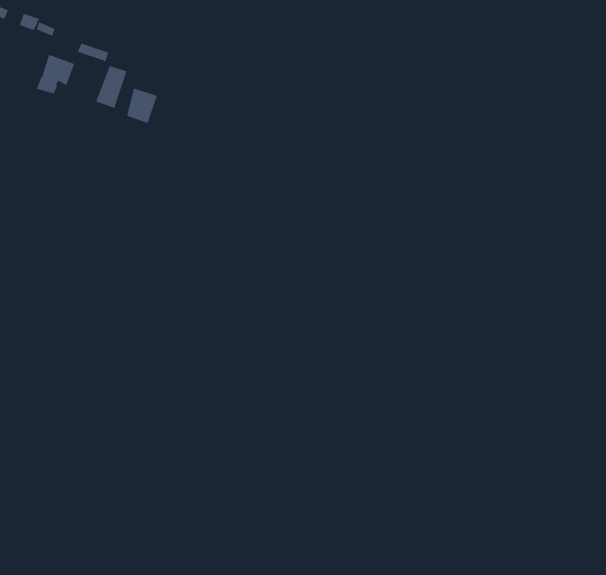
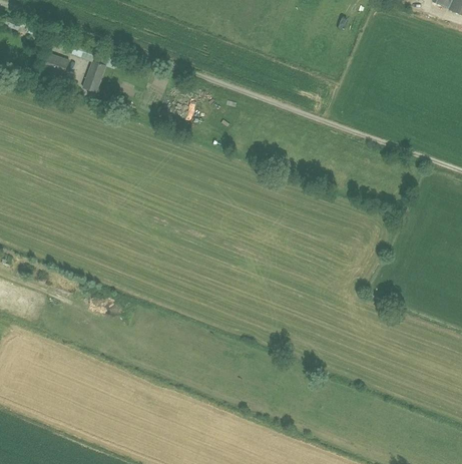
building: [126,88,158,124] -> none

